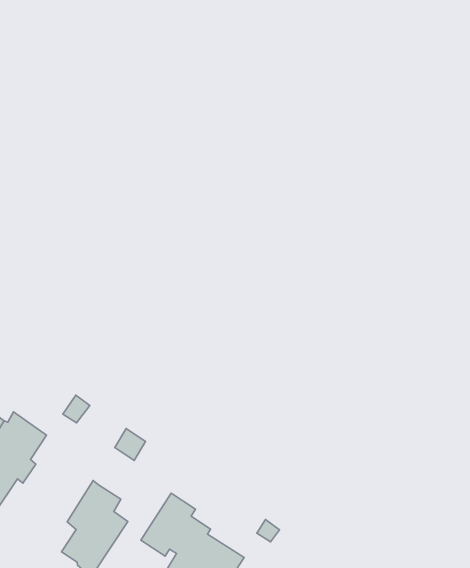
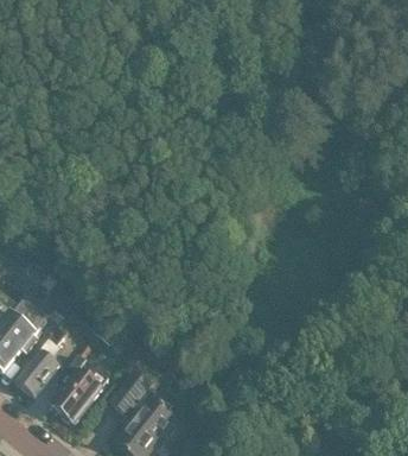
building: none -> [13,340,59,398]

